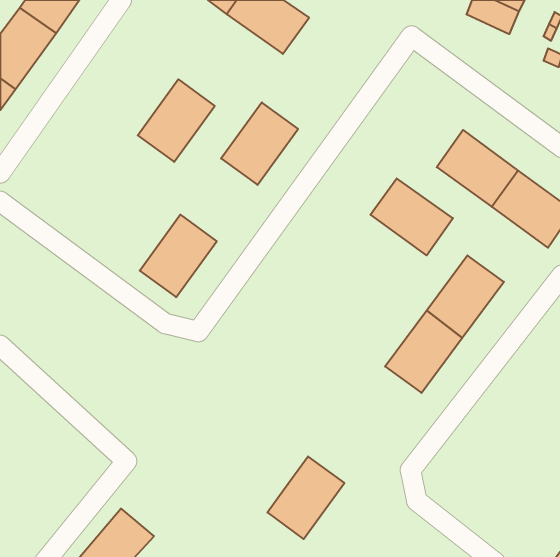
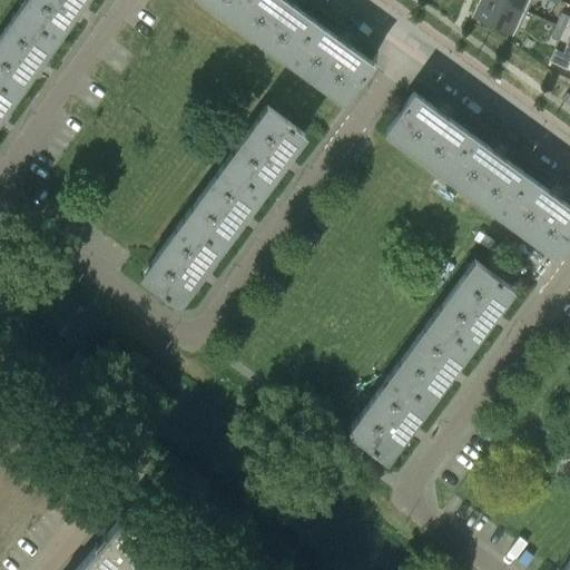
building: none -> [288,23,372,101]
building: [138,79,215,162] -> [185,166,263,249]
building: [370,178,453,255] -> [387,97,471,175]
building: [267,456,344,539] -> [351,376,429,460]

